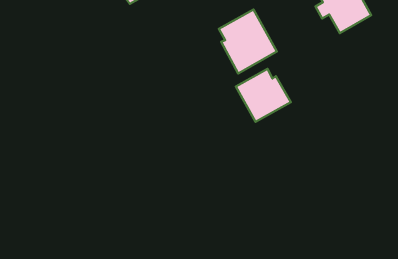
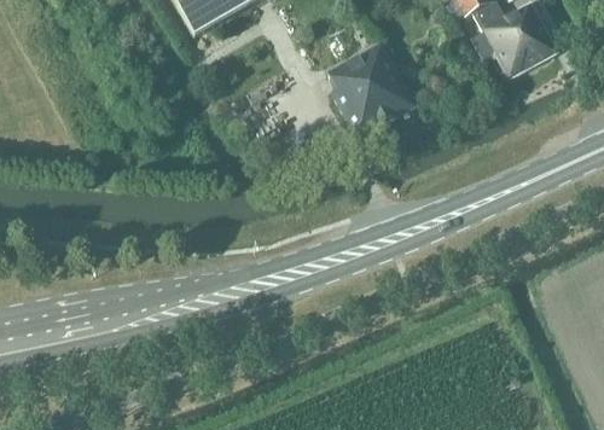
building: [236,69,291,122] -> none

